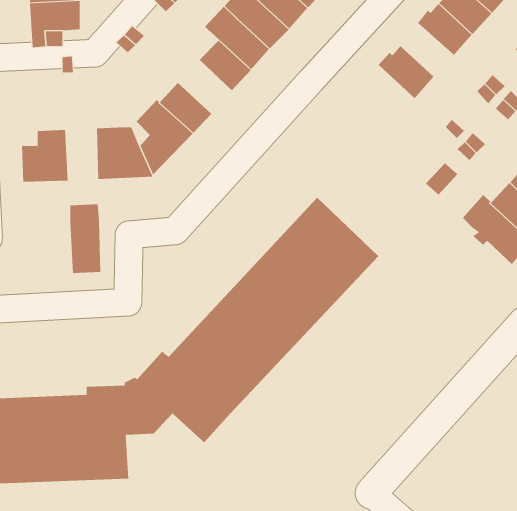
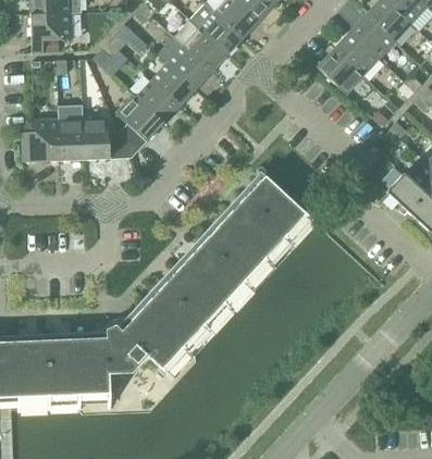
building: none -> [335,30,380,75]
building: none -> [151,61,196,106]
building: [70,204,101,274] -> [59,103,85,161]

